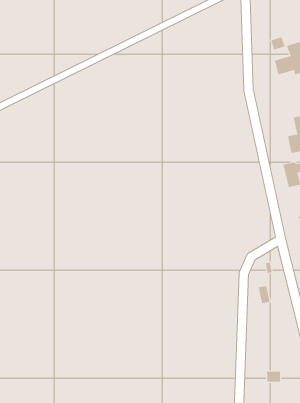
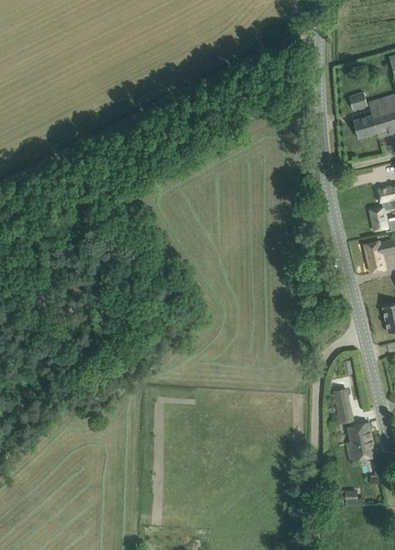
building: none -> [347,422,375,461]

